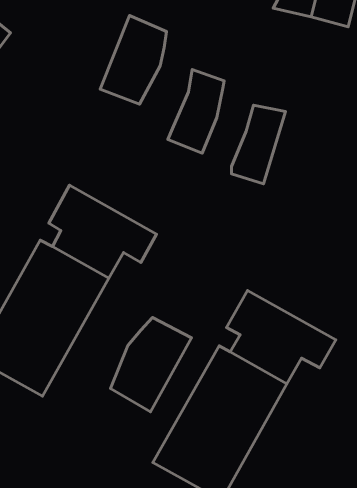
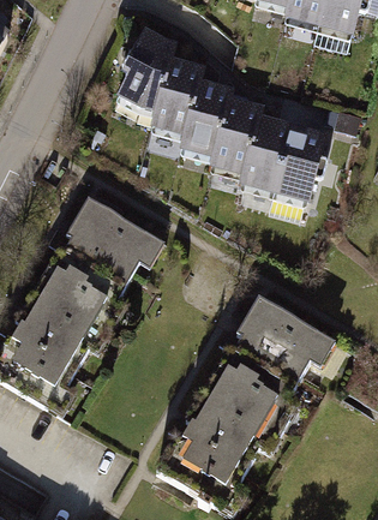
building: none -> [151,59,206,138]
building: none -> [212,98,265,175]
building: none -> [272,121,331,204]
building: [111,317,192,412] -> none

